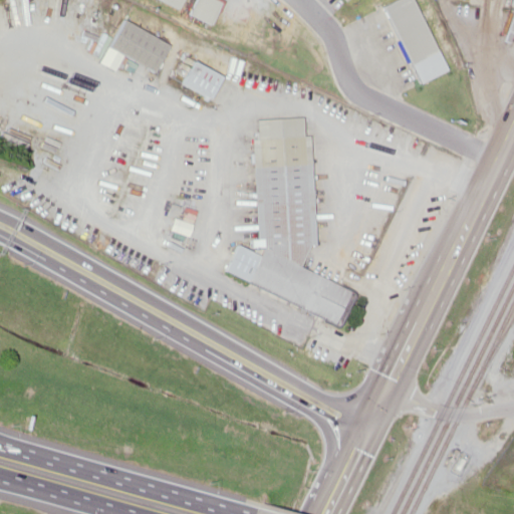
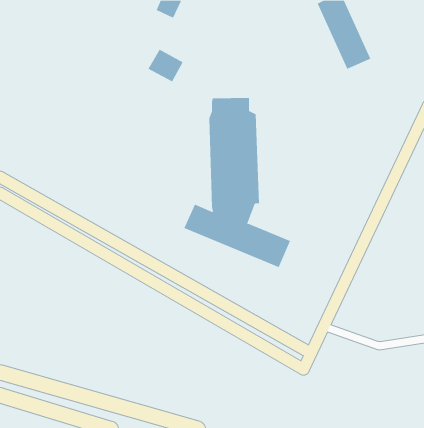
building: [109,20,171,71] -> none

